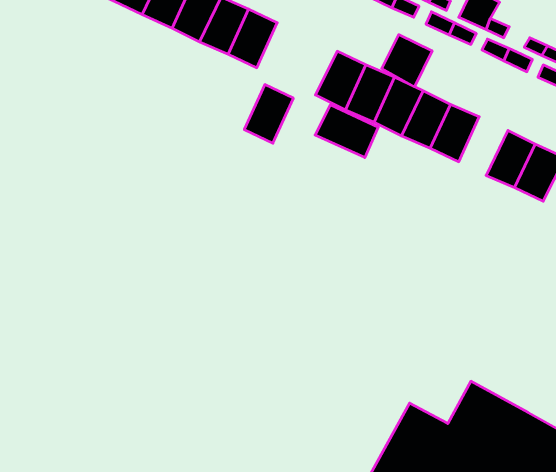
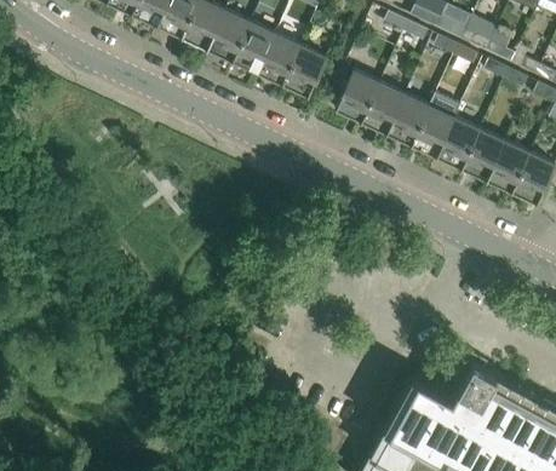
building: [382,35,432,87] -> none
building: [244,85,293,143] -> [282,42,326,94]
building: [315,105,378,158] -> none
building: none -> [462,126,505,178]

